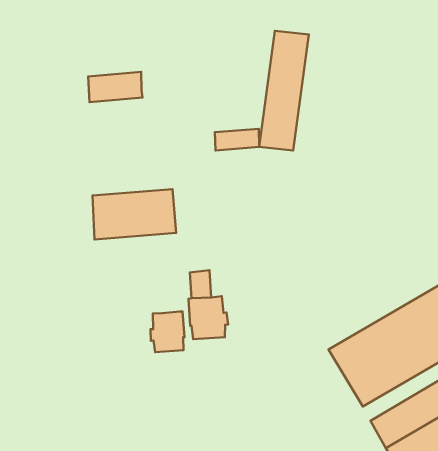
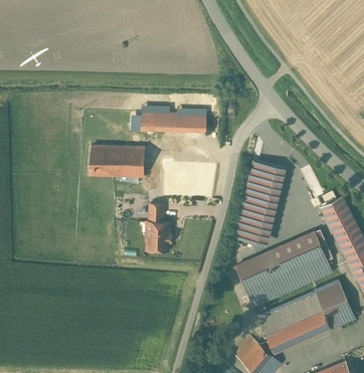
building: [259,31,309,151] -> [235,162,277,242]
building: [88,72,142,102] -> [141,114,177,132]
building: [150,311,184,352] -> none

